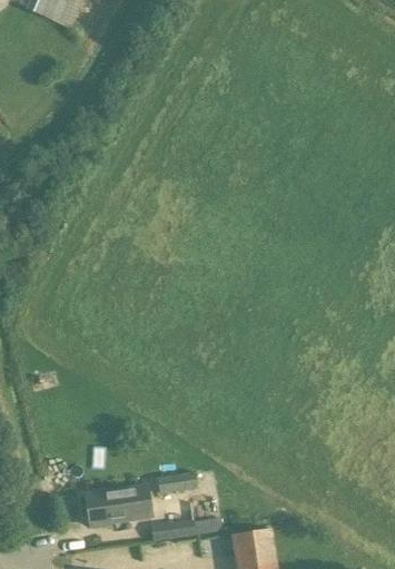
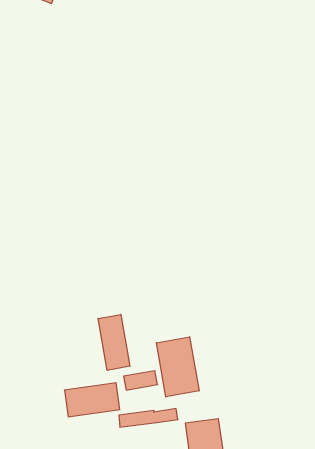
building: none -> [98,314,130,370]
building: none -> [156,337,199,397]

